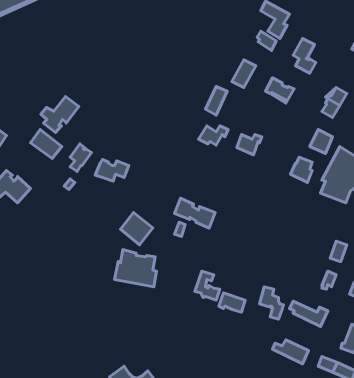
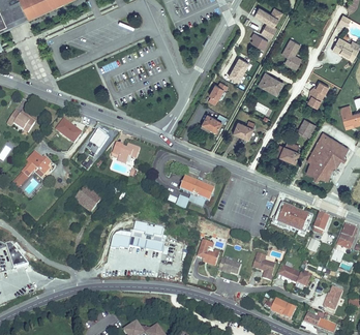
building: [41,96,79,133] -> none
building: [120,212,153,245] -> [74,184,102,212]
building: none -> [274,203,312,233]

